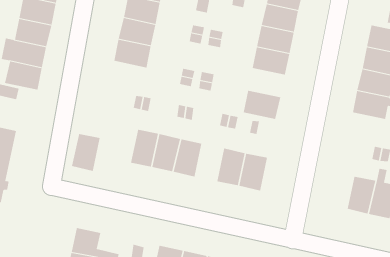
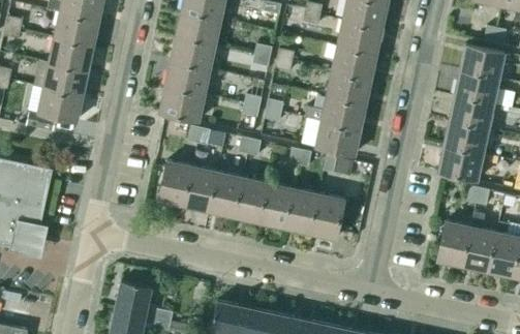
building: none -> [160,87,205,121]
building: none -> [305,95,366,129]
building: none -> [438,147,483,181]
building: [71,133,101,171] -> [159,161,193,206]
building: none -> [261,183,294,227]

